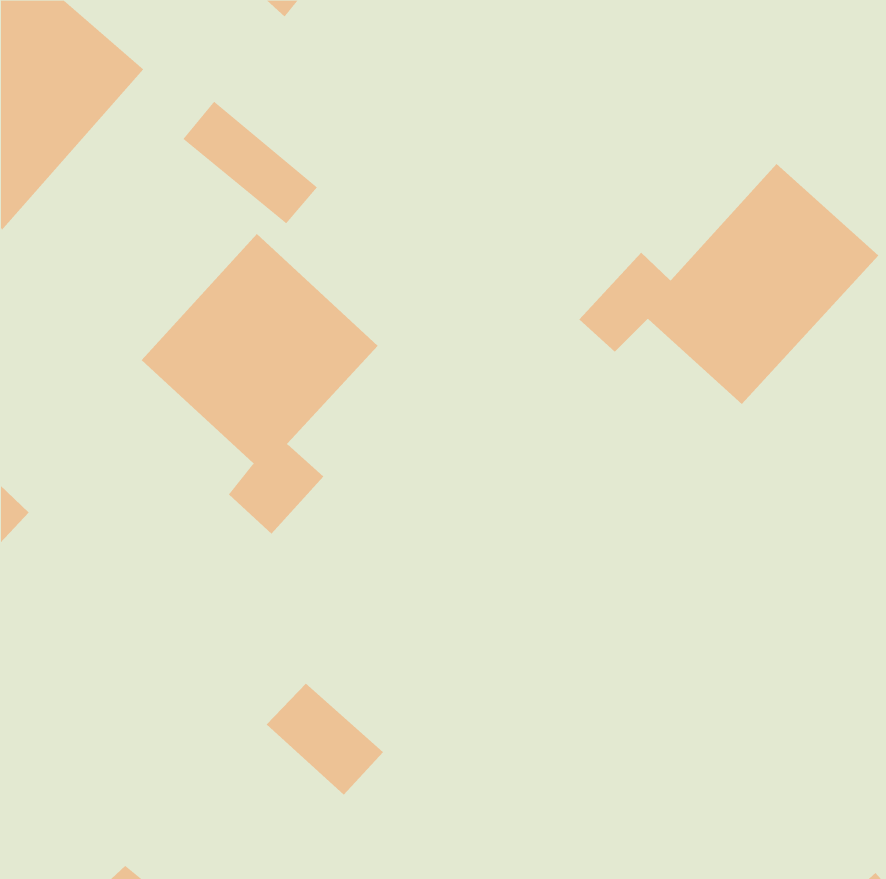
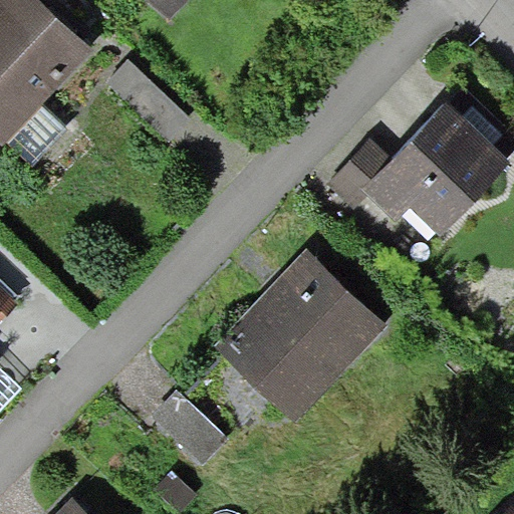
building: [141,233,378,534] -> none
building: none -> [220,257,376,416]

